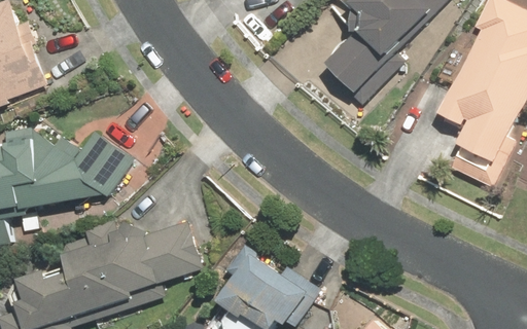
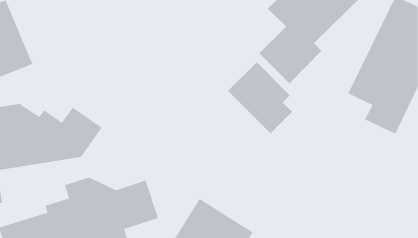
building: none -> [227,62,293,134]

